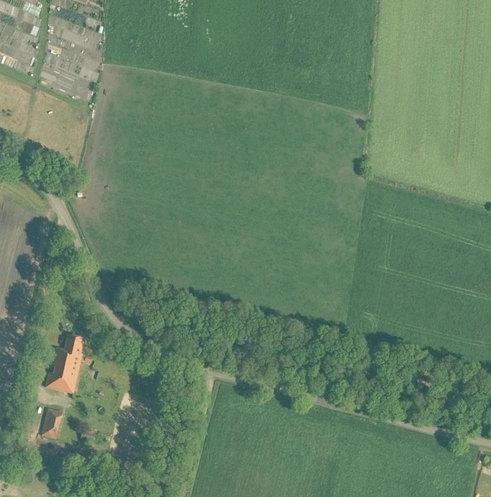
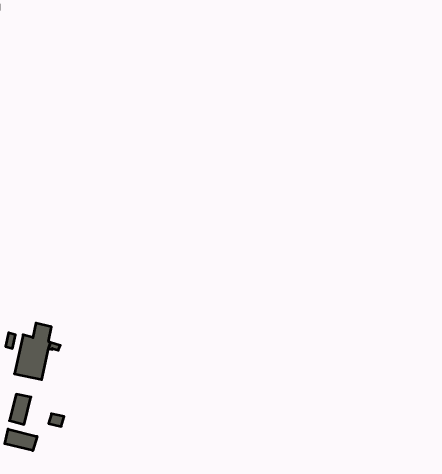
building: none -> [5,429,37,451]

